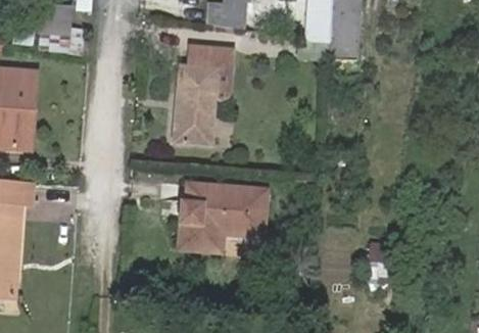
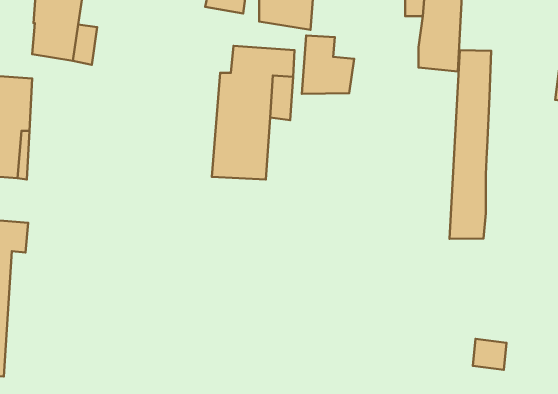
building: none -> [302,35,354,94]
building: none -> [450,50,491,239]
building: [177,186,267,251] -> none

